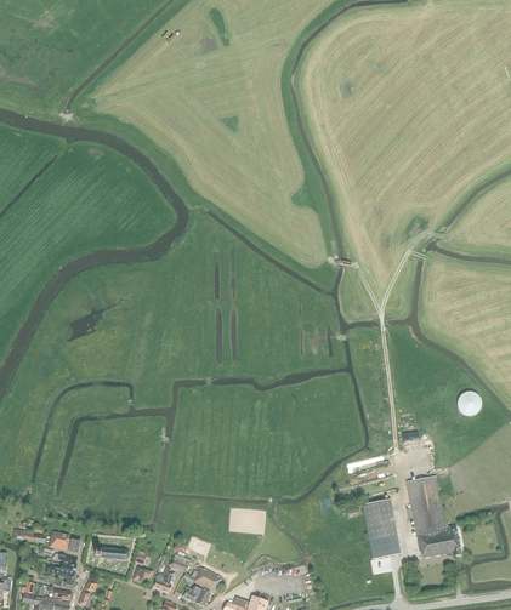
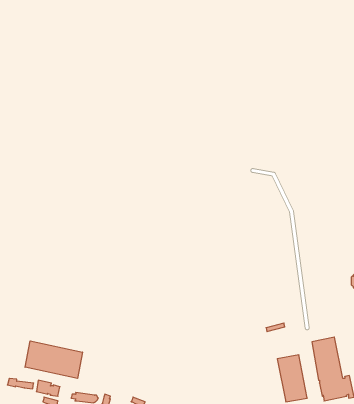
building: none -> [25,341,82,378]

